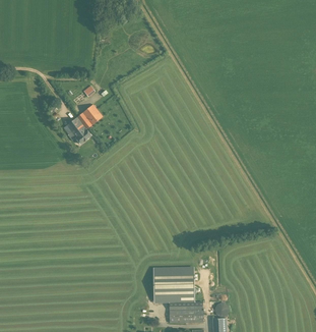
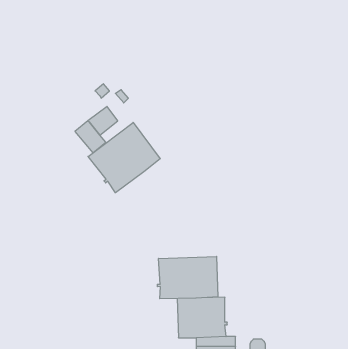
building: none -> [88,122,160,193]
building: none -> [157,256,218,299]

